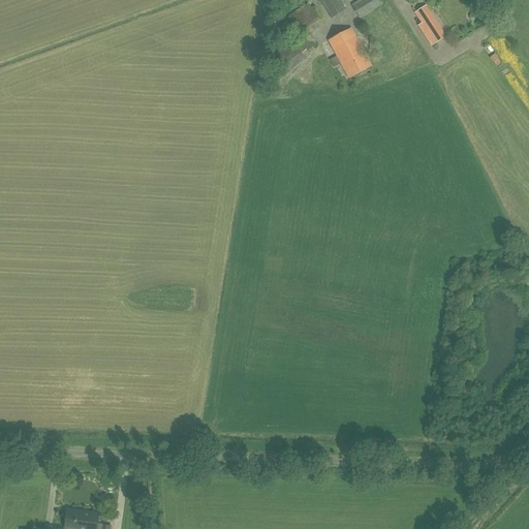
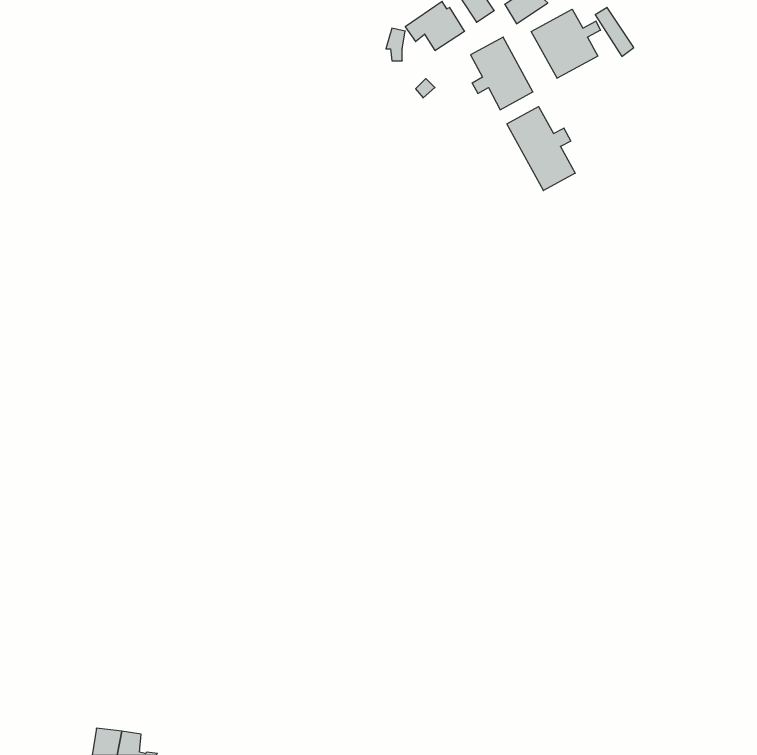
building: none -> [531,9,601,78]
building: none -> [507,107,575,191]

